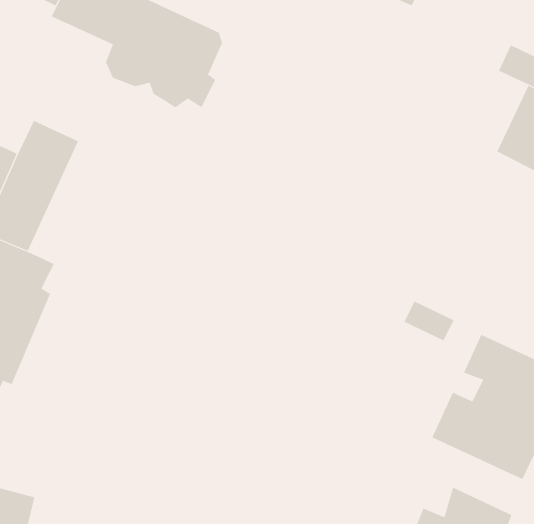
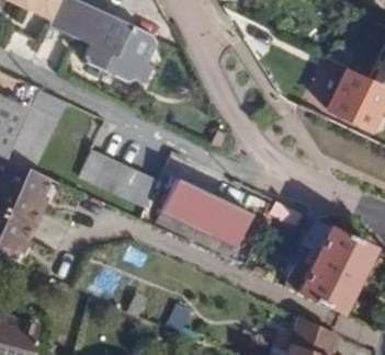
building: none -> [78,150,157,207]
building: none -> [161,179,251,245]

